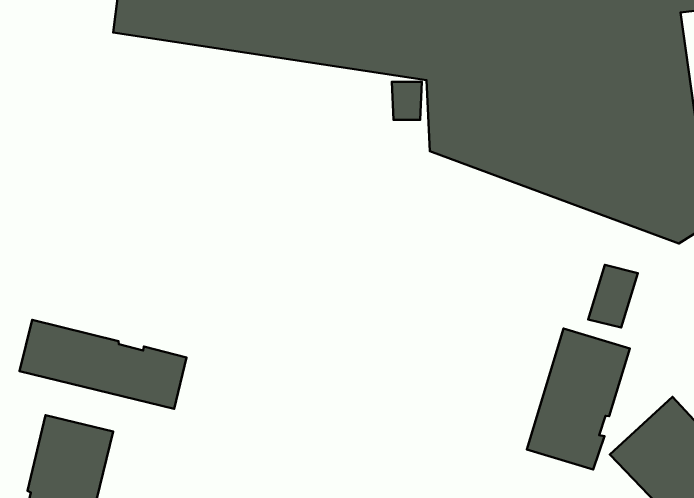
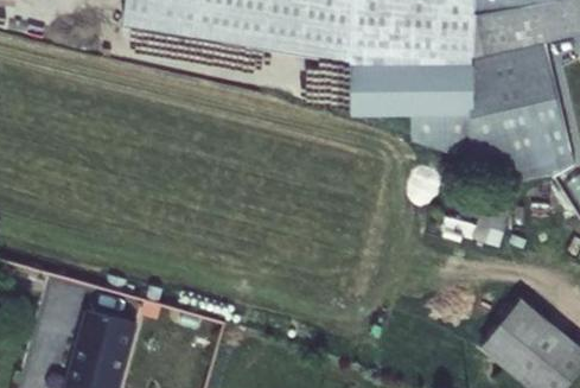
building: [20,320,187,409] -> none
building: [527,329,630,470] -> none

